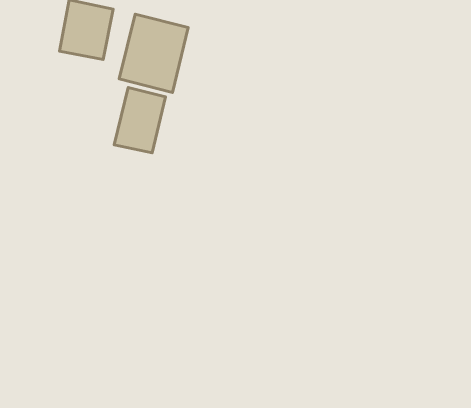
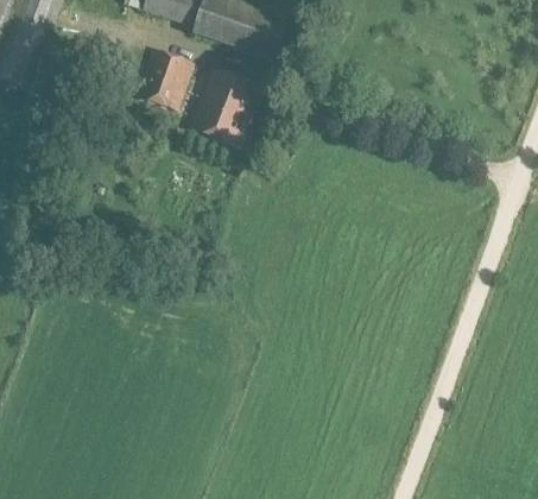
building: [114,88,166,153] -> none

